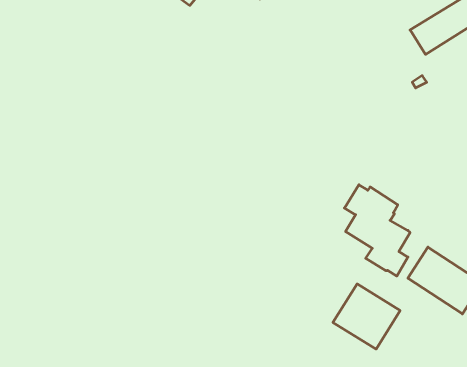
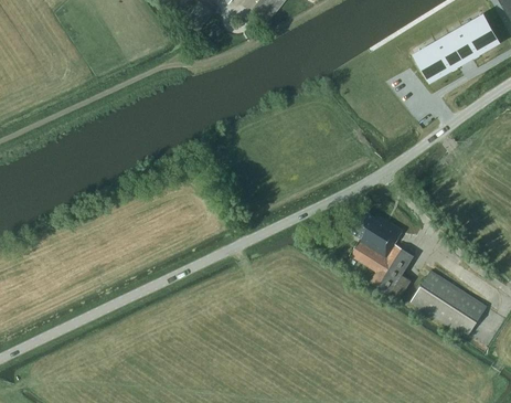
building: [333,284,400,349] -> none

